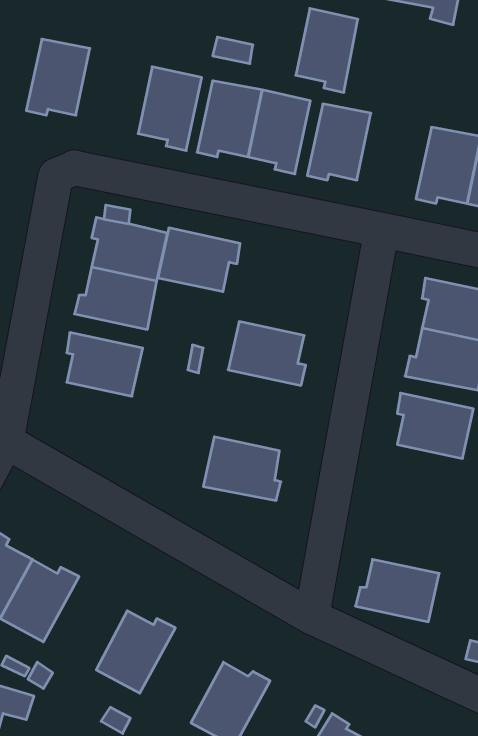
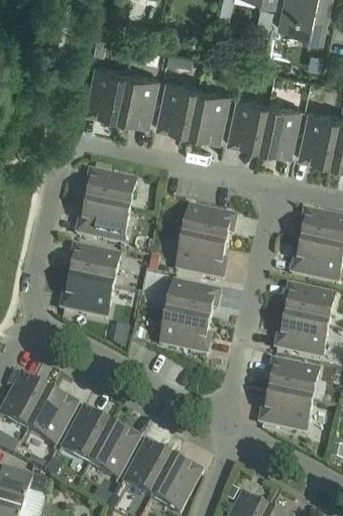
building: [296,8,358,92] -> [258,101,299,155]
building: [26,39,90,115] -> [84,64,125,114]
building: [158,228,240,292] -> [182,204,235,245]
building: none -> [59,275,112,316]
building: none -> [165,279,219,319]
building: none -> [273,315,327,356]
building: none -> [268,358,318,399]
building: none -> [61,404,109,462]
building: none -> [122,437,172,496]

